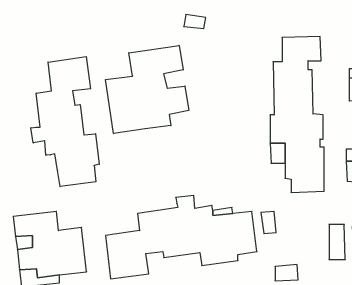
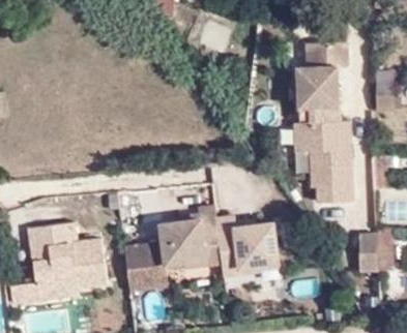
building: [106,45,189,134] -> none
building: [31,57,99,187] -> none

